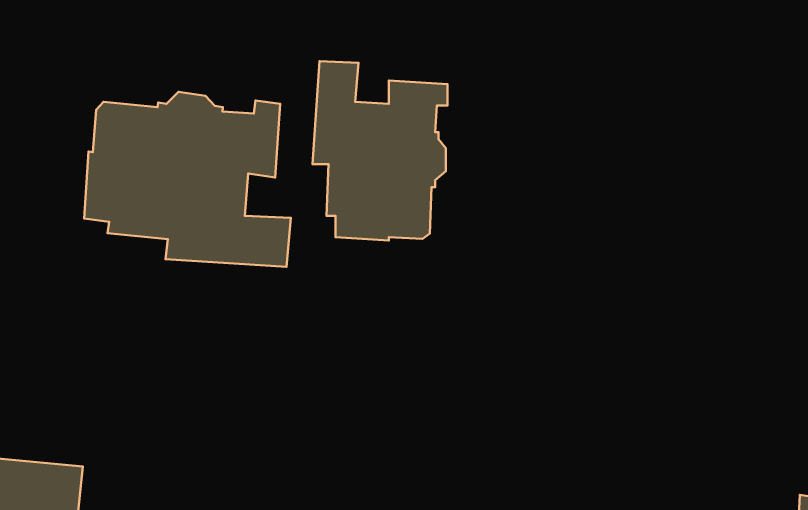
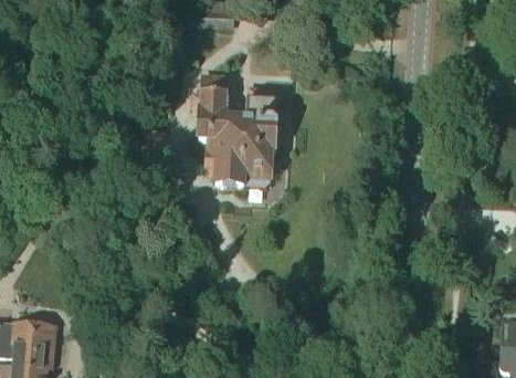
building: [84,92,291,267] -> none

